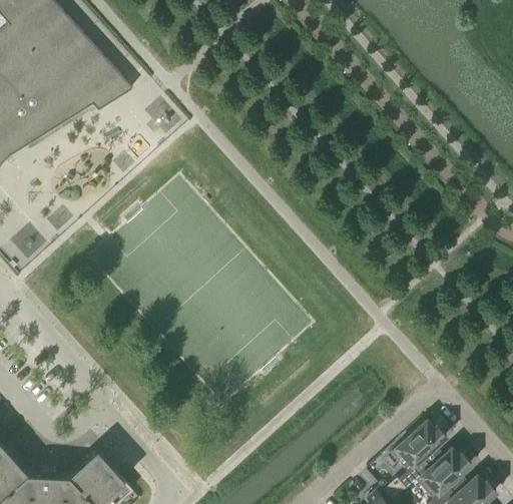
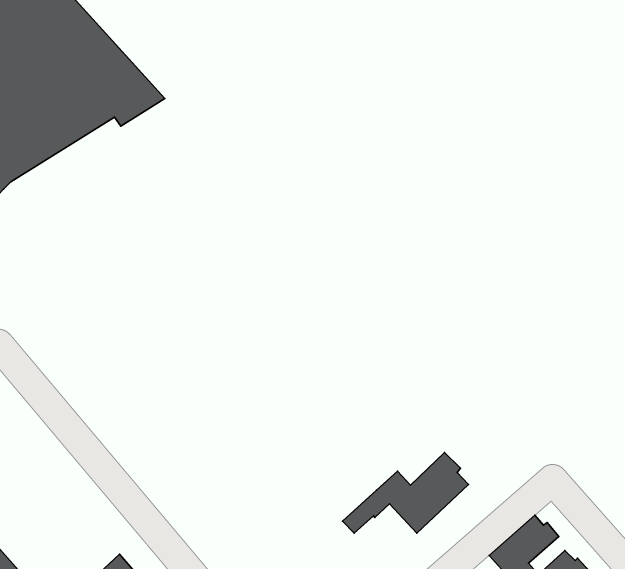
building: none -> [343,453,469,533]

